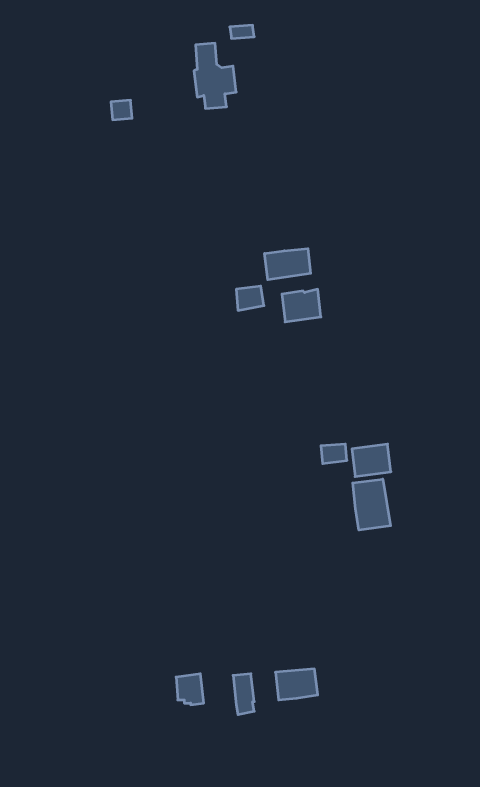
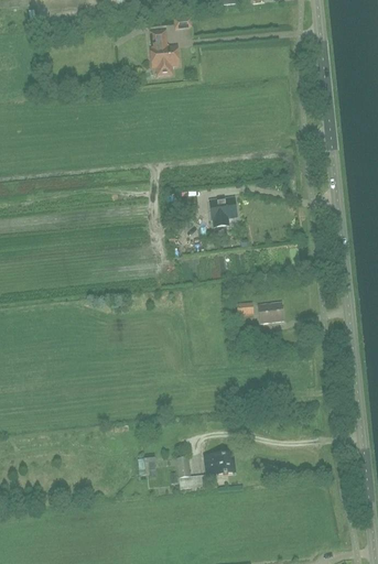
building: [265,249,311,280] -> none
building: [353,479,391,530] -> none

